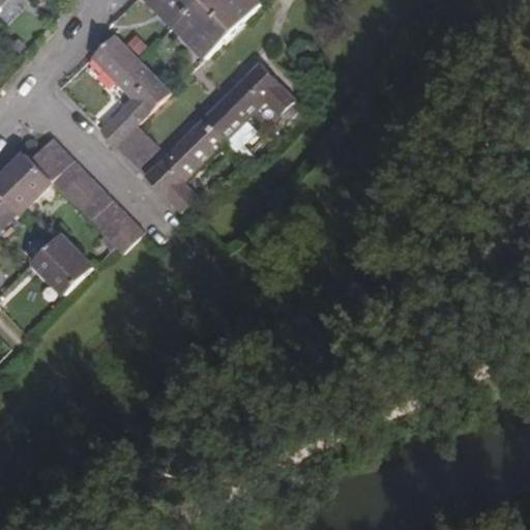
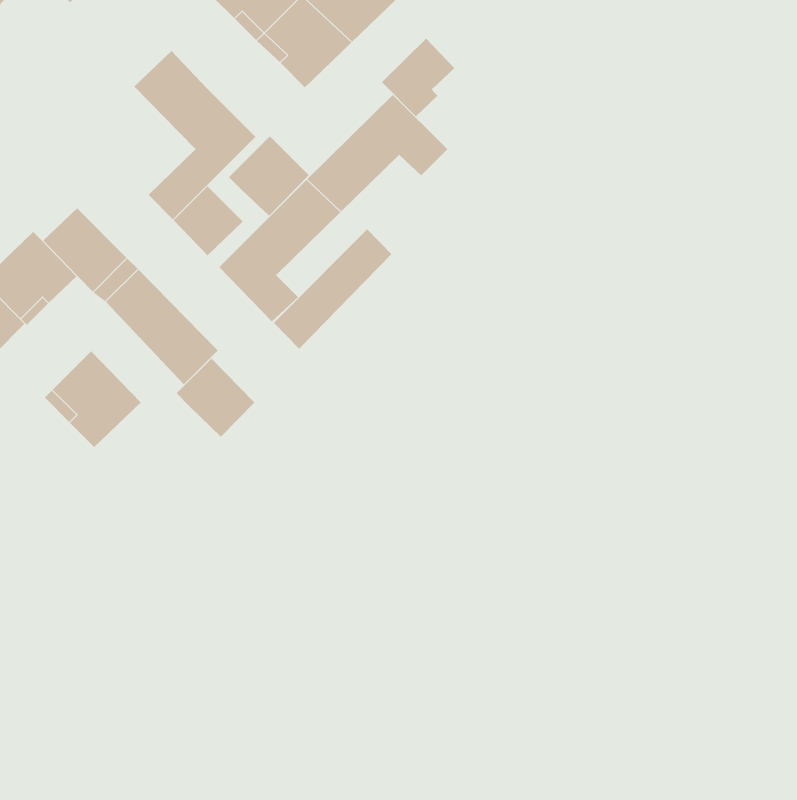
building: none -> [381,38,455,117]
building: none -> [228,136,309,216]
building: none -> [273,229,392,350]
building: none -> [176,358,255,438]

